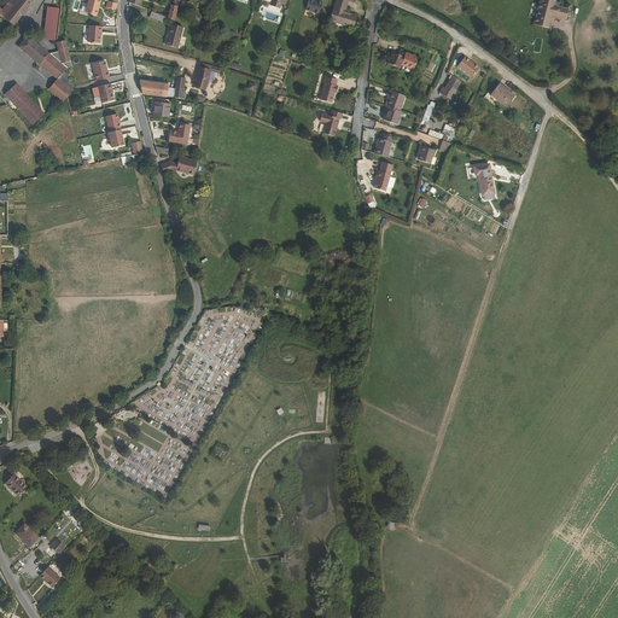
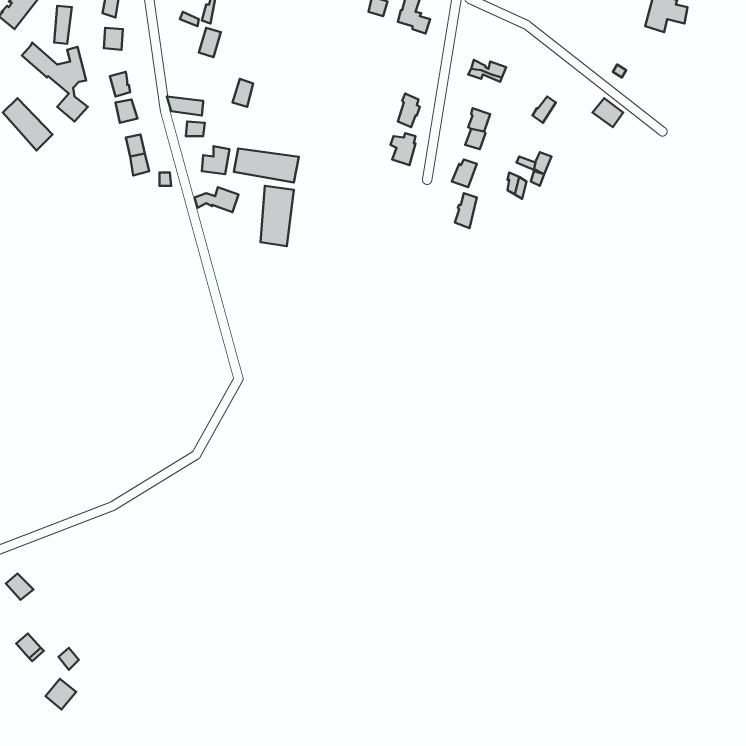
building: none -> [234,149,299,182]
building: none -> [260,186,294,246]
building: [467,162,495,196] -> none

